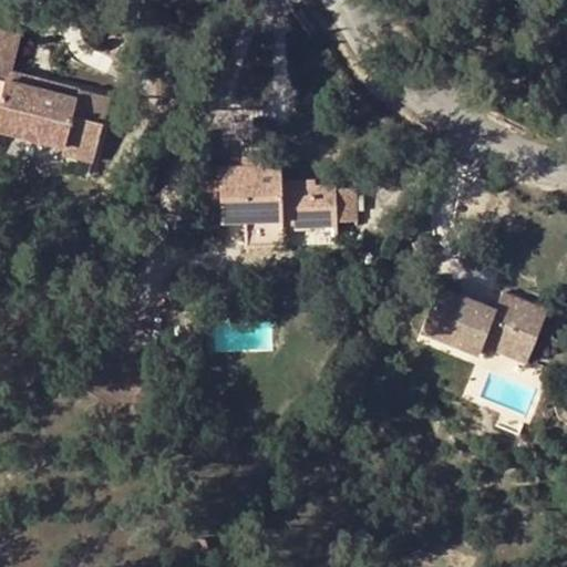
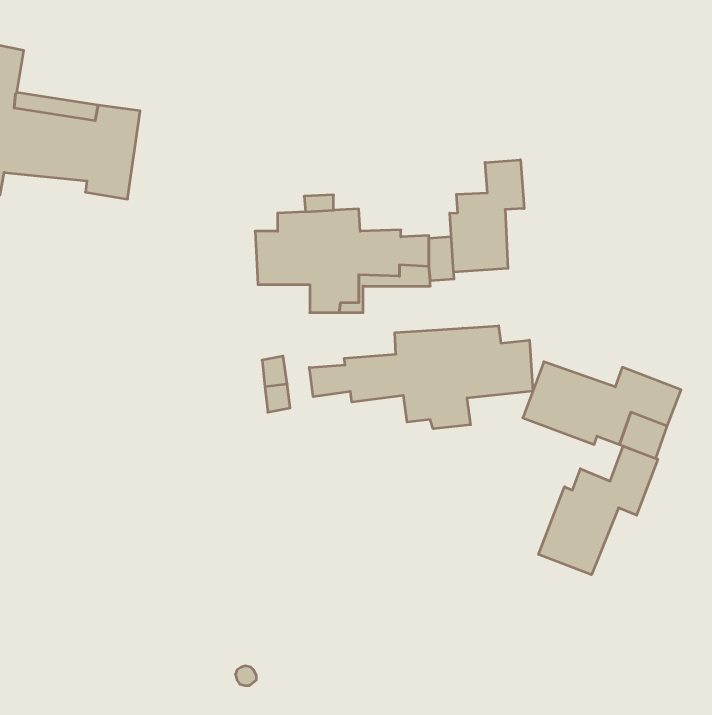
building: none -> [450,160,524,272]
building: none -> [309,326,533,429]
building: none -> [539,446,658,575]

